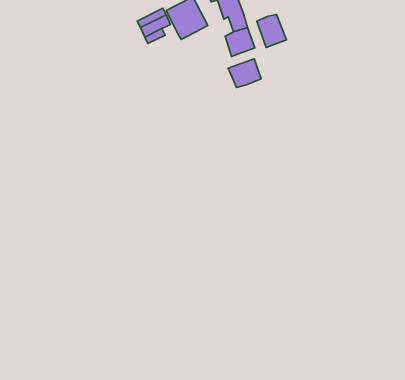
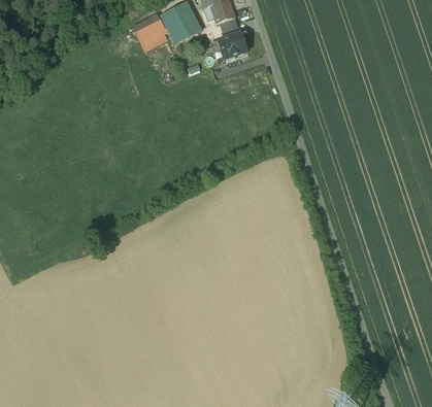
building: [257,15,286,47] -> none
building: [228,59,261,87] -> none

